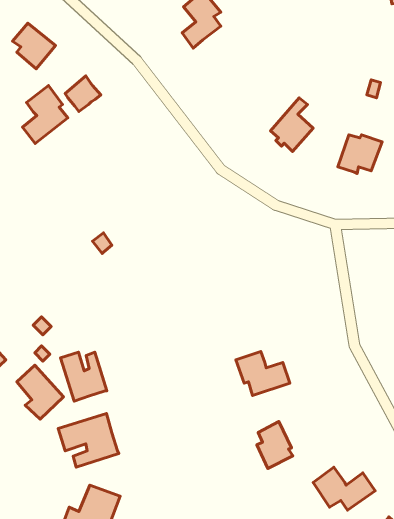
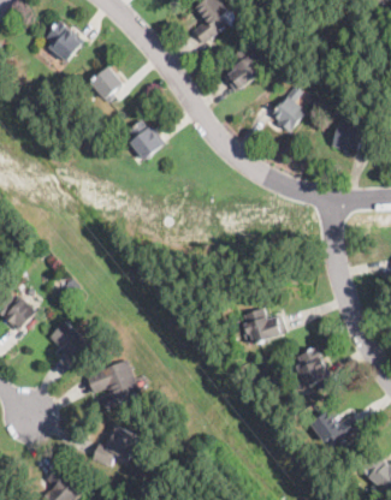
building: none -> [224,47,263,93]
building: [22,85,68,143] -> none
building: none -> [126,119,161,160]
building: [60,352,107,401] -> none
building: [257,421,293,468] -> [295,346,326,387]

